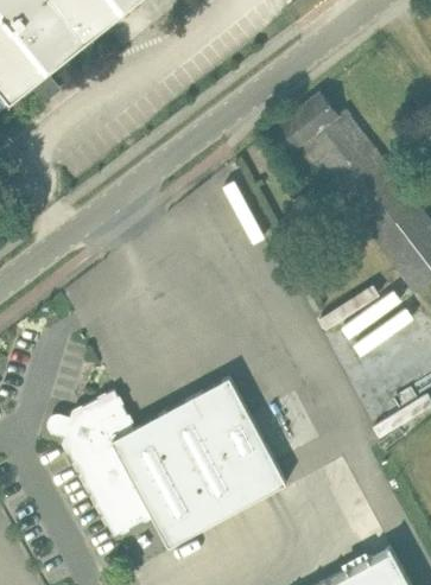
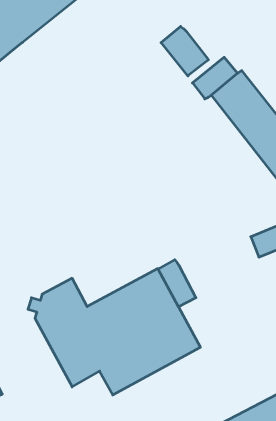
building: none -> [161,26,208,76]
building: none -> [158,260,196,307]

